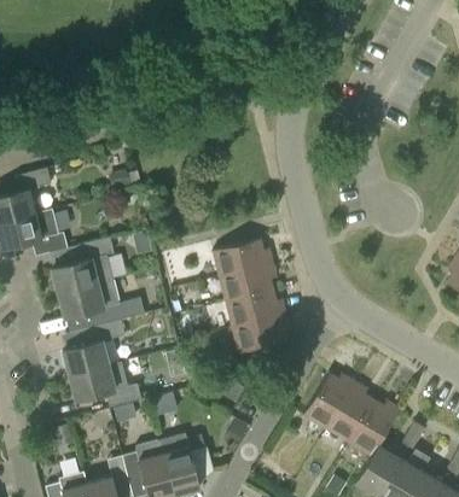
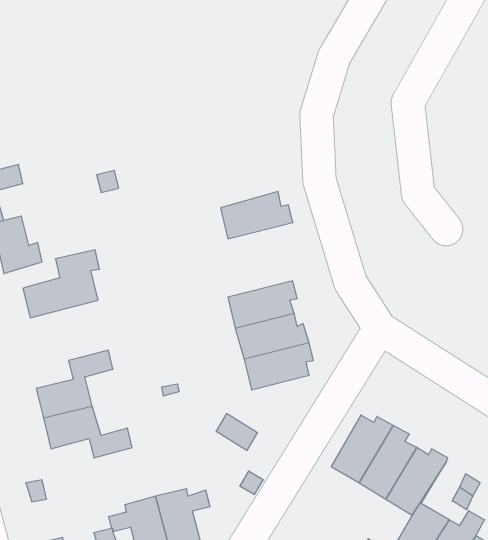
building: [213,238,272,276] -> [221,192,293,239]
building: [57,279,144,326] -> none

